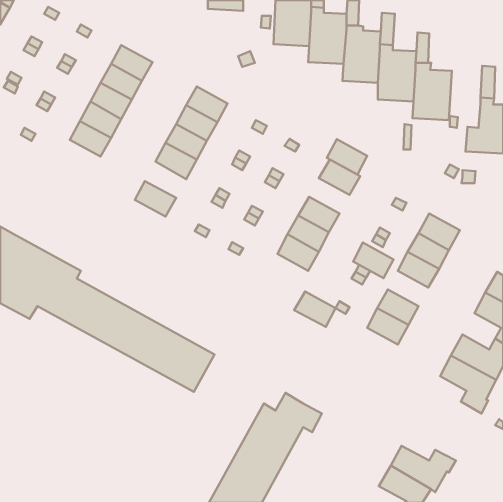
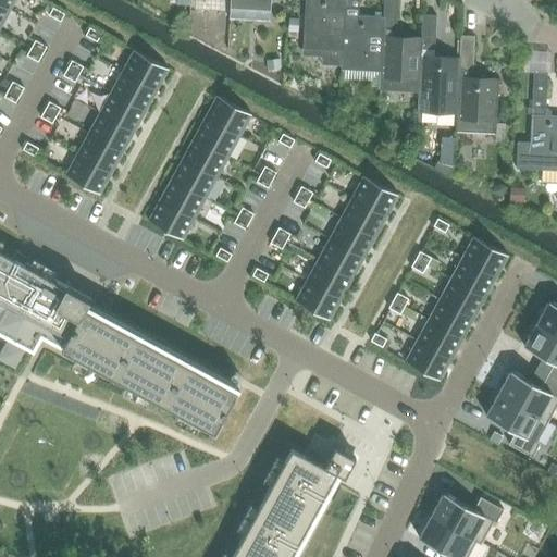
building: [327,139,367,175] -> [342,198,386,237]
building: none -> [65,156,111,195]
building: none -> [160,180,206,220]
building: [353,243,393,278] -> [429,300,473,339]
building: [294,291,336,327] -> [295,282,341,321]

